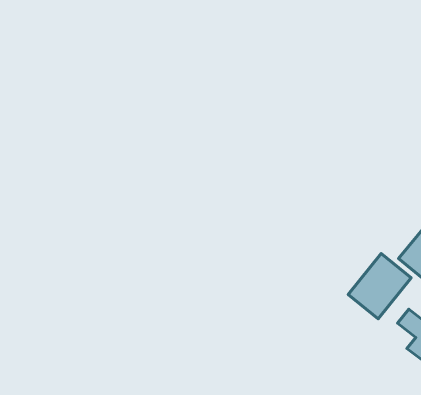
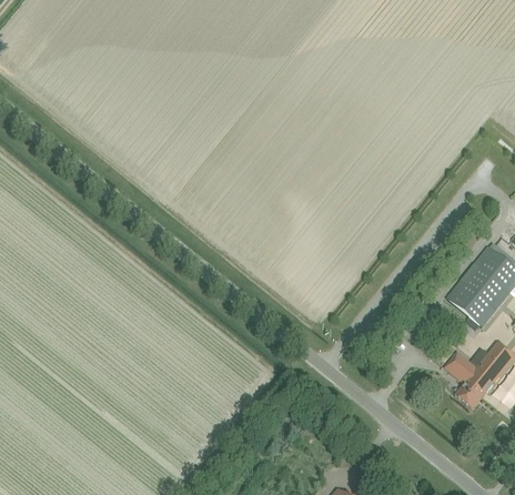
building: [348,253,411,319] -> none

